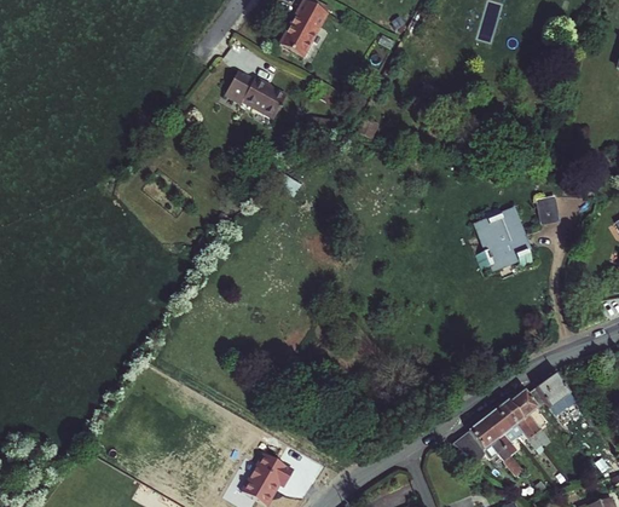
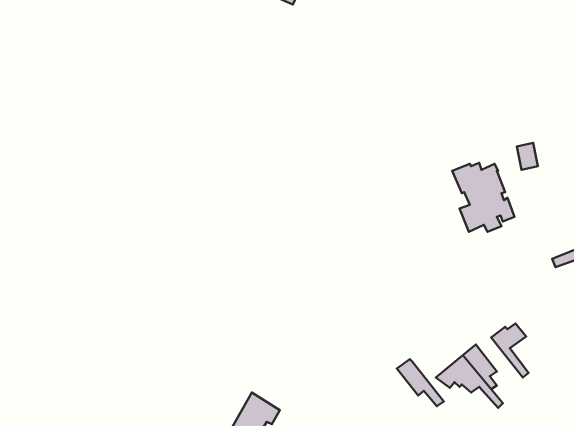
building: [226,70,289,115] -> none
building: [536,367,573,403] -> none
building: [494,394,543,443] -> [397,359,444,406]

